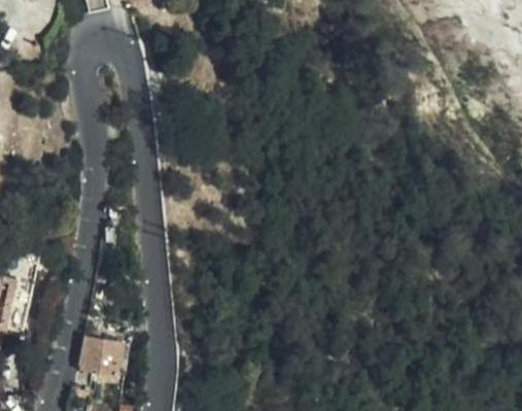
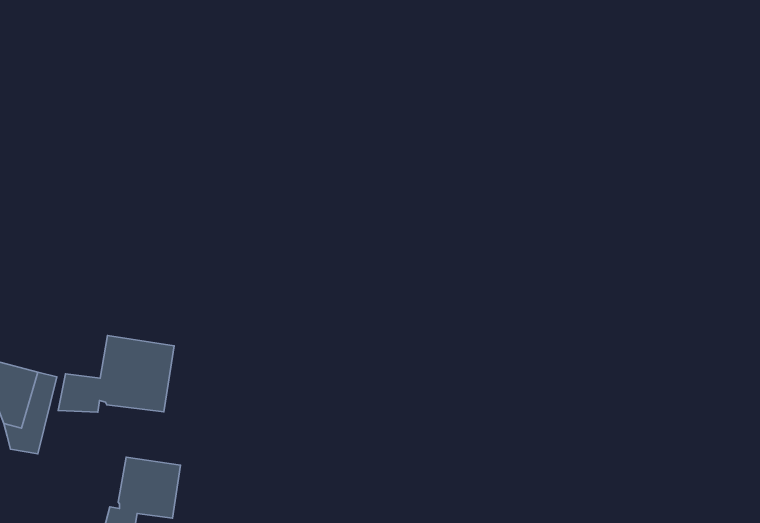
building: none -> [58,336,174,412]

